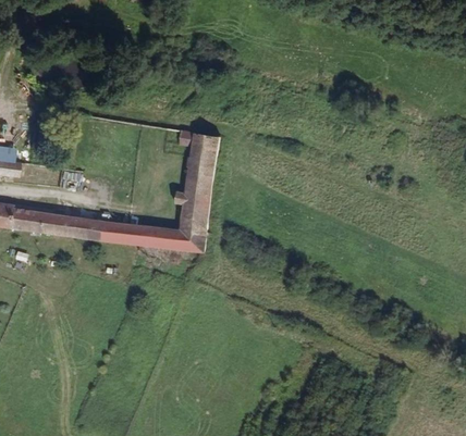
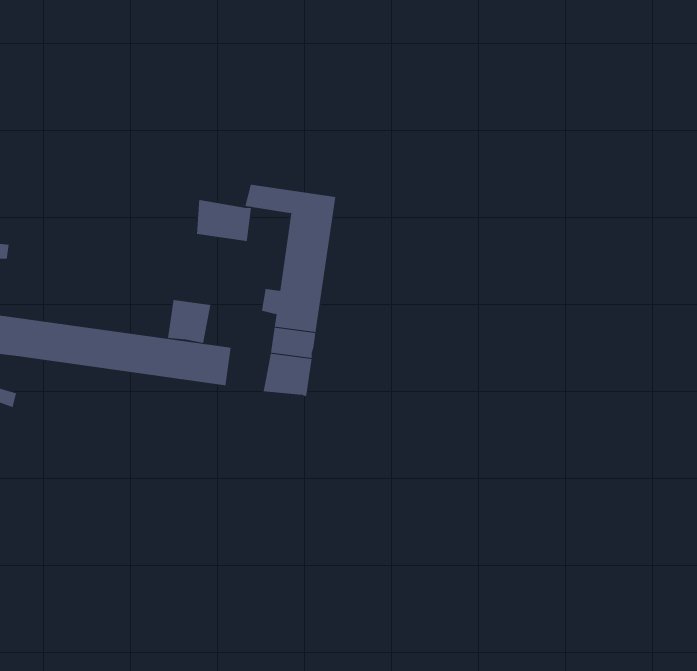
building: none -> [197,199,252,242]
building: [152,225,179,251] -> [167,299,211,344]

